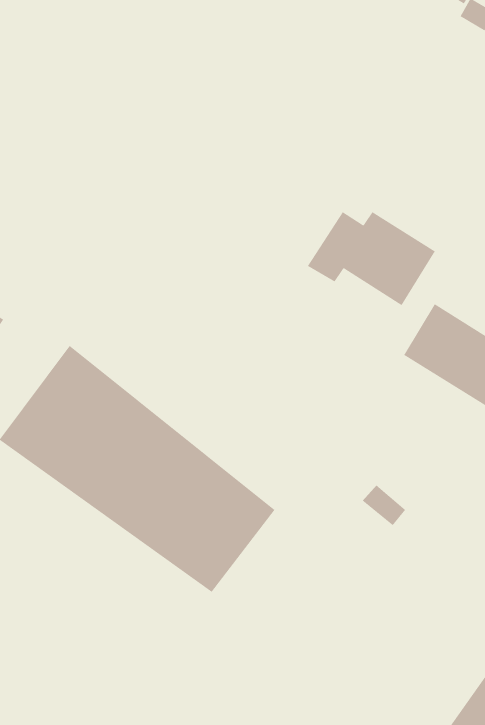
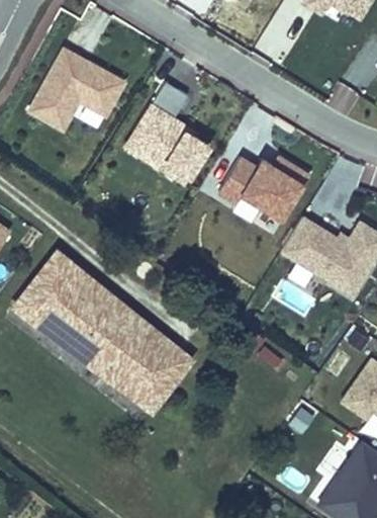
building: none -> [31,49,124,128]
building: none -> [122,80,211,184]

